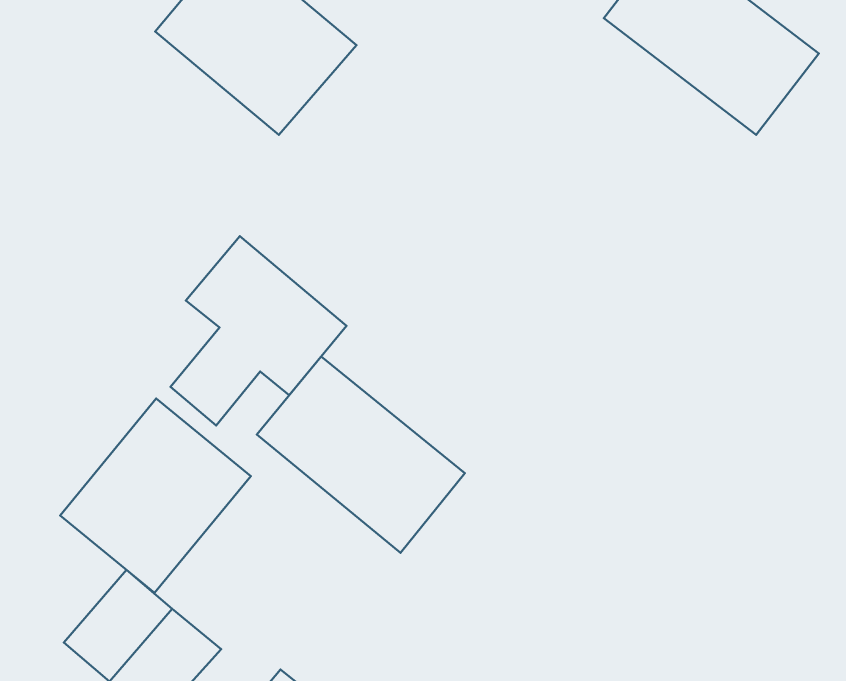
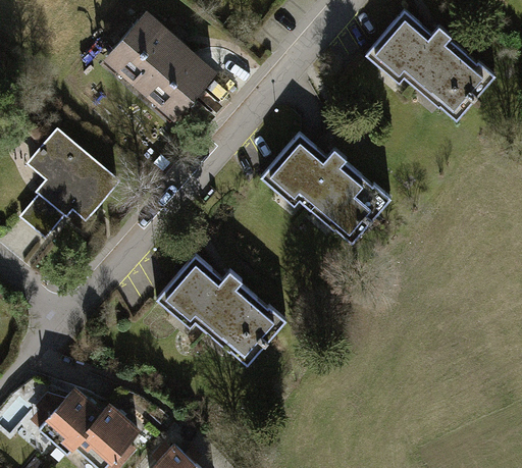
building: none -> [262,133,385,247]
building: [171,236,347,426] -> [15,127,121,242]
building: [60,399,251,593] -> none

